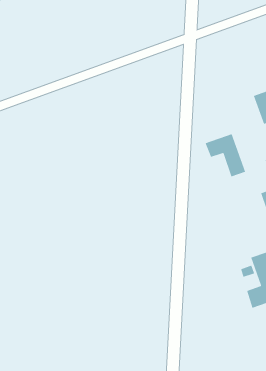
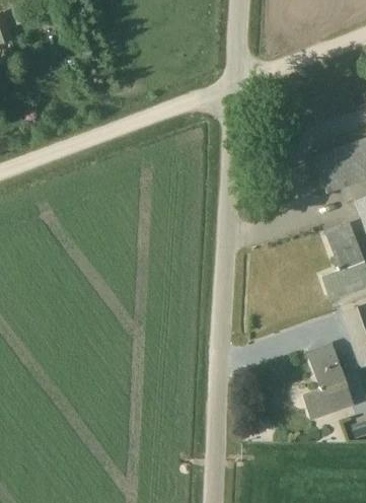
building: [205,133,246,178] -> none

